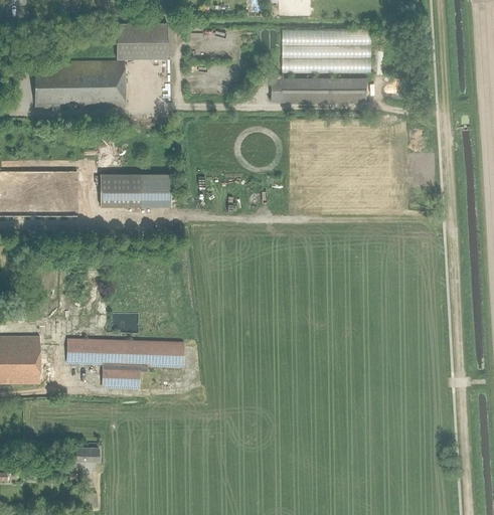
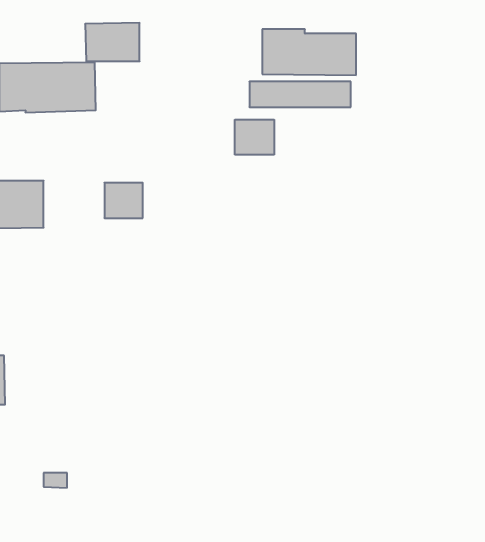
building: none -> [235,120,274,155]
building: [100,173,134,206] -> none
building: [67,338,183,387] -> none

